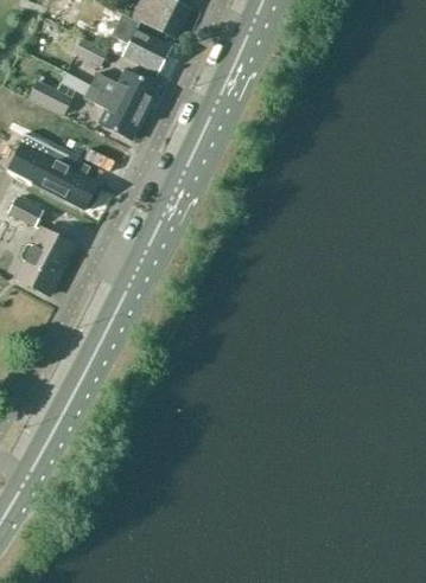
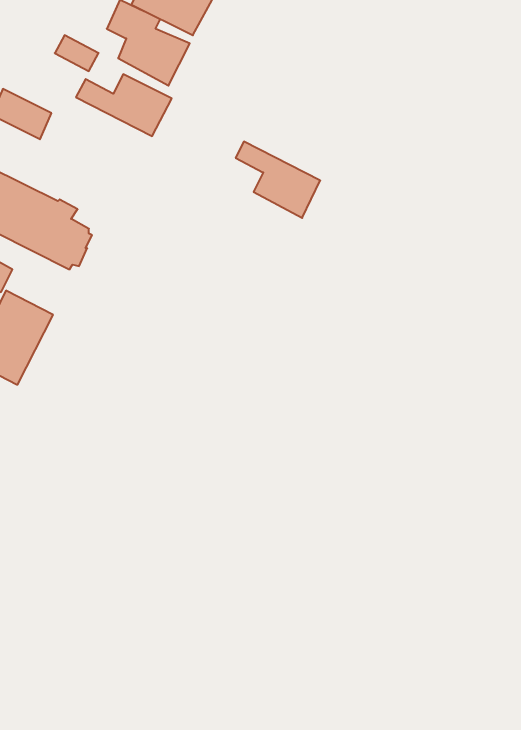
building: [83,85,145,141] -> [236,142,320,218]

